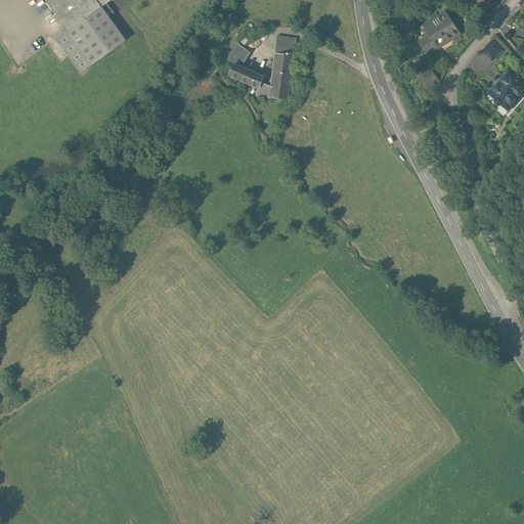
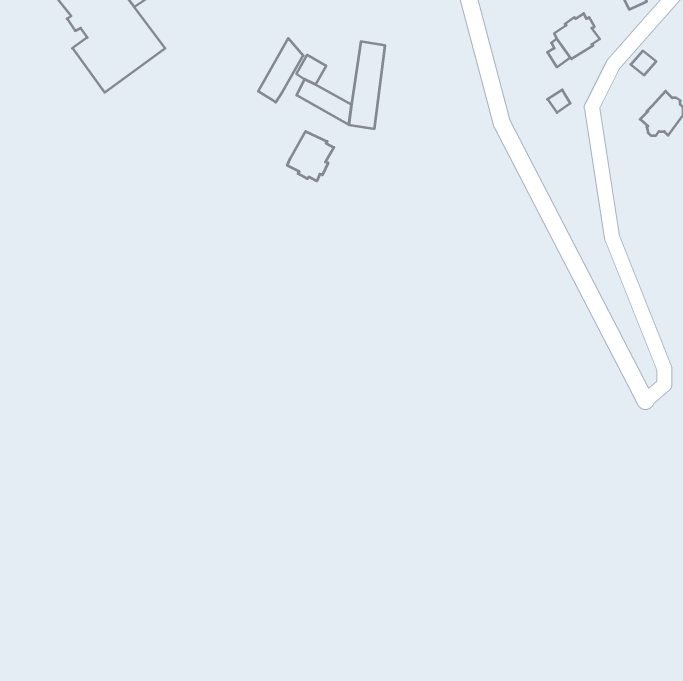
building: none -> [258,38,303,102]
building: none -> [287,131,334,181]

